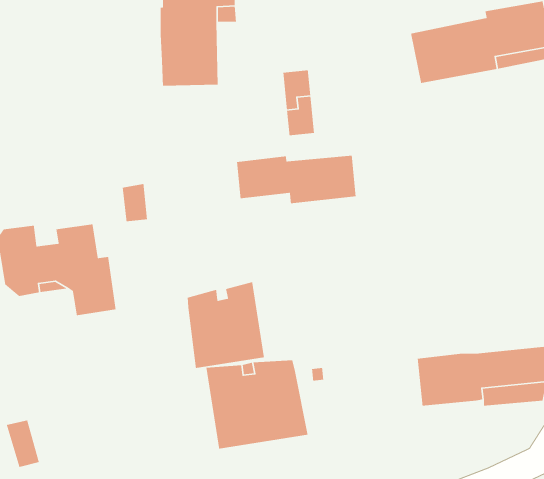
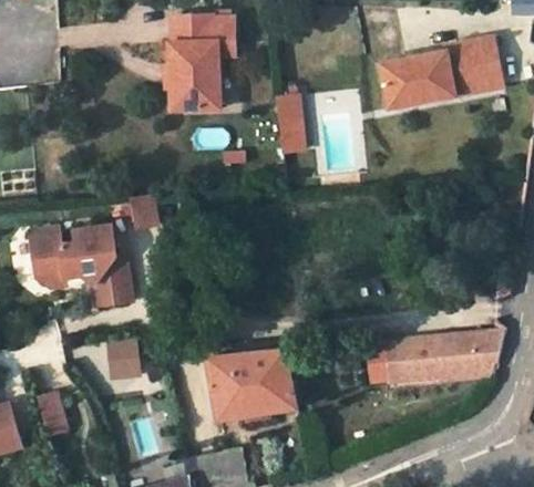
building: [236,155,357,204] -> none
building: [187,281,265,369] -> none
building: none -> [103,340,137,380]

